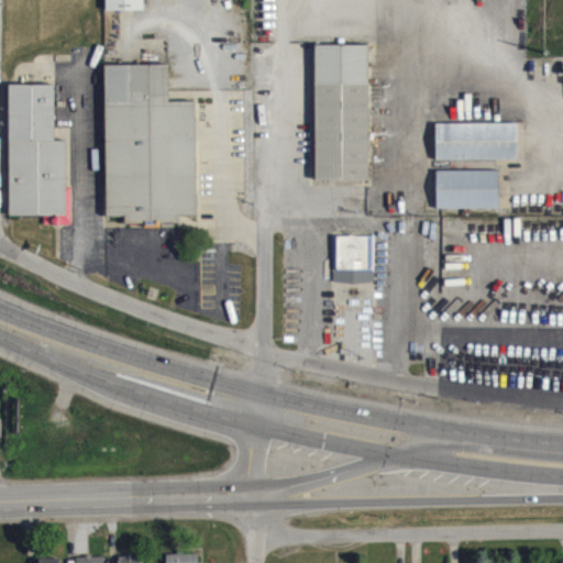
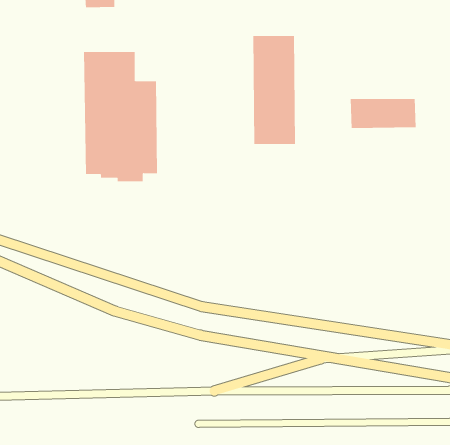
building: [8,84,67,224] -> none
building: [435,169,497,208] -> none
building: [331,234,373,283] -> none

